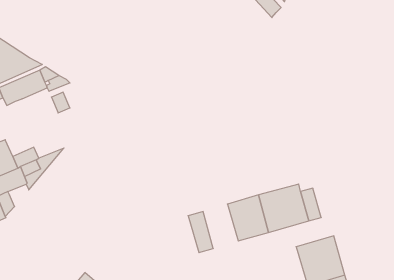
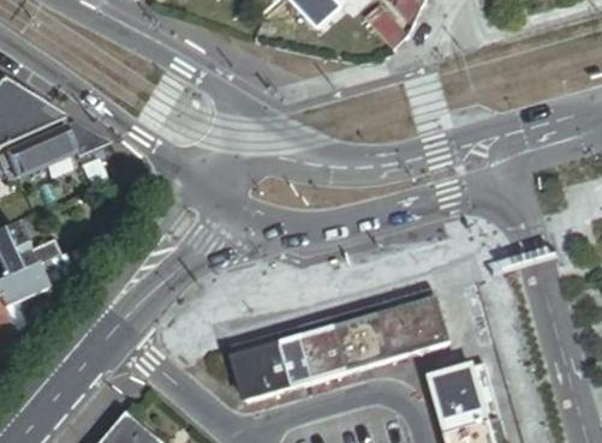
building: none -> [293,319,344,383]
building: none -> [226,336,287,402]

